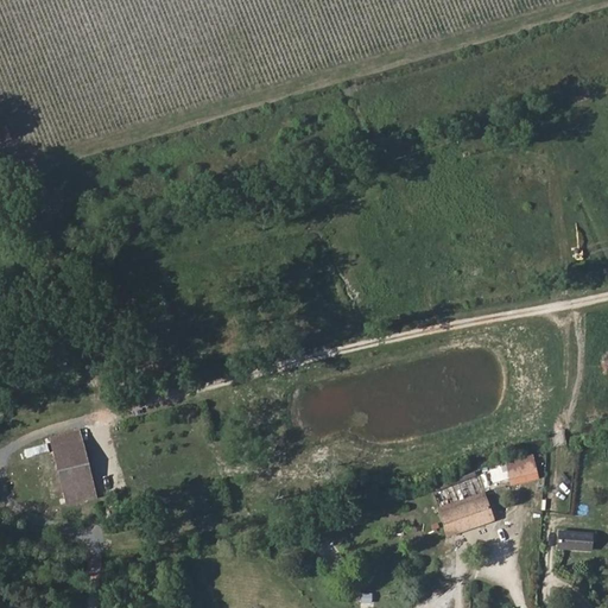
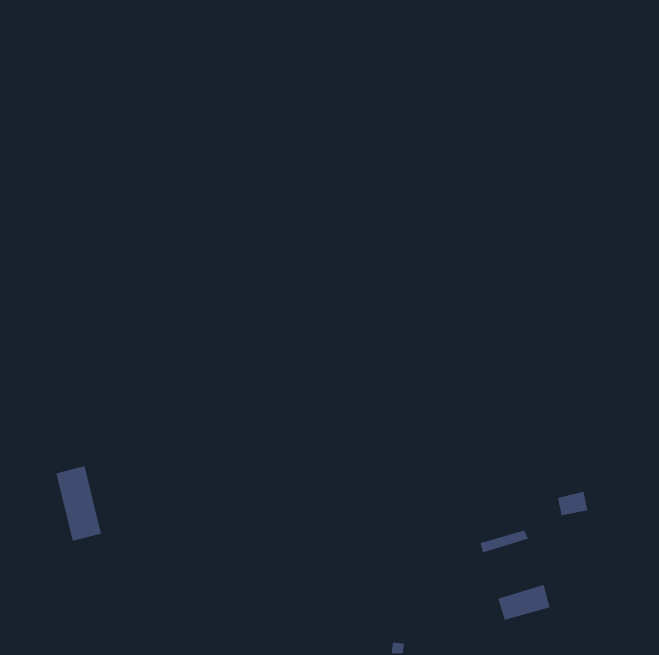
building: [444,500,493,533] -> [498,584,551,620]
building: [562,533,594,552] -> none

